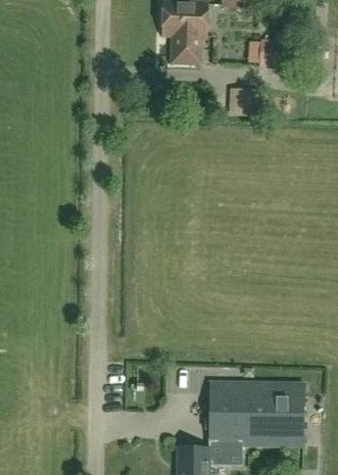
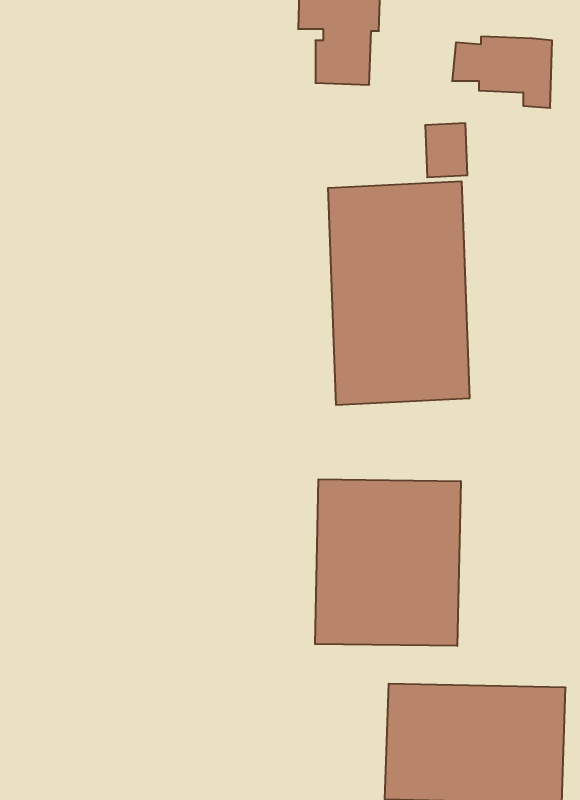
building: none -> [328,181,470,405]
building: none -> [315,479,461,646]

